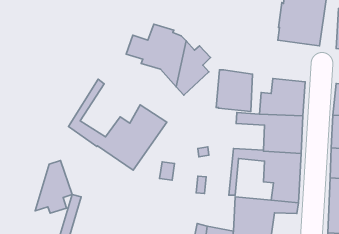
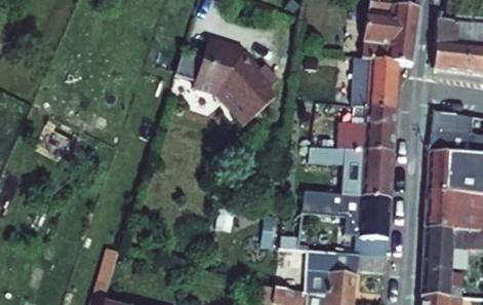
building: [216,70,253,112] -> [352,58,397,109]
building: [68,79,167,170] -> none
building: [35,160,72,213] -> none

